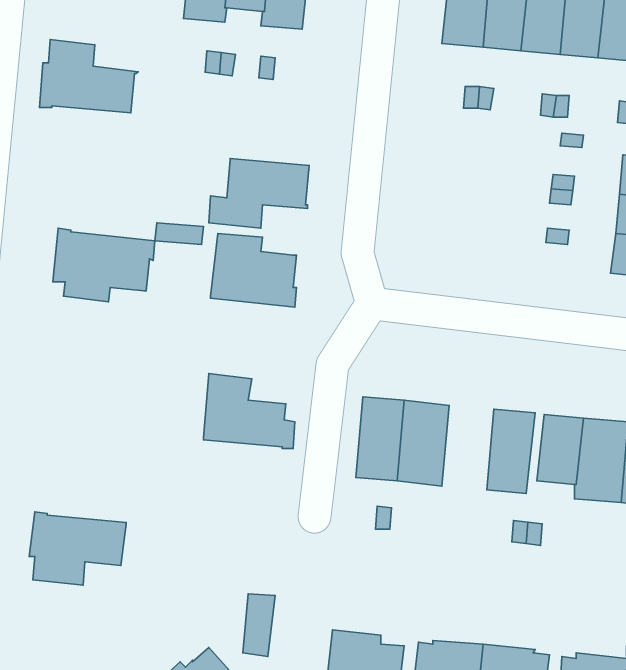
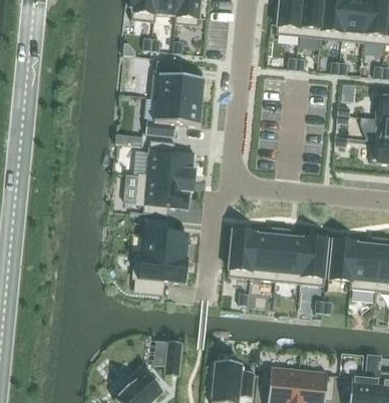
building: [39,39,138,113] -> [150,58,206,99]
building: [53,228,155,302] -> [136,171,193,213]
building: none -> [276,234,305,281]
building: [29,512,126,585] -> [132,251,186,292]

